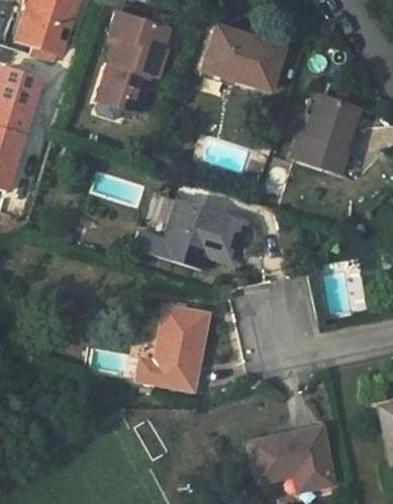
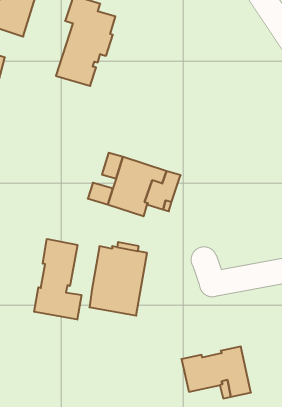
building: [205,27,285,91] -> none
building: [294,95,361,173] -> none
building: none -> [34,239,81,320]

